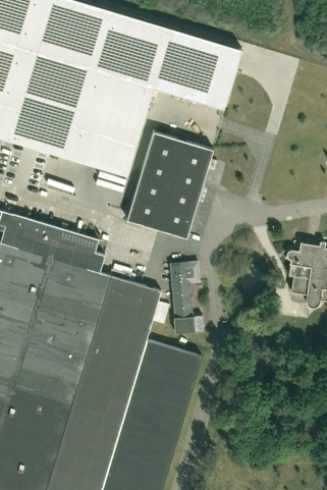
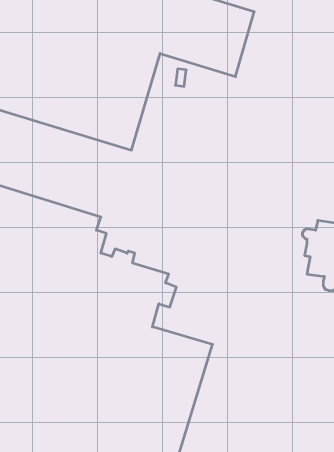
building: [126,130,213,237] -> none
building: [170,261,204,333] -> none

